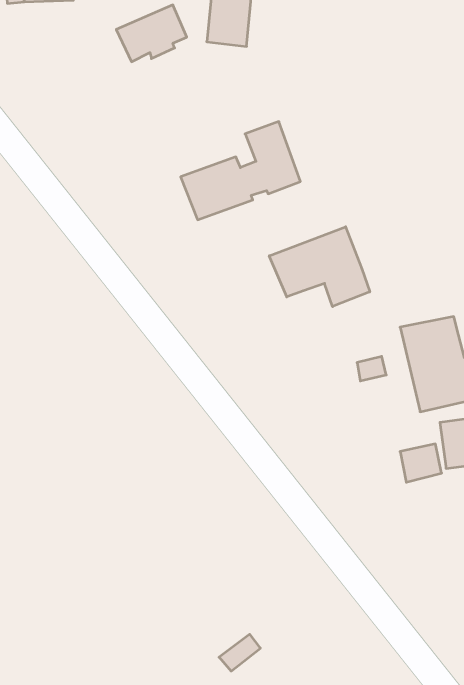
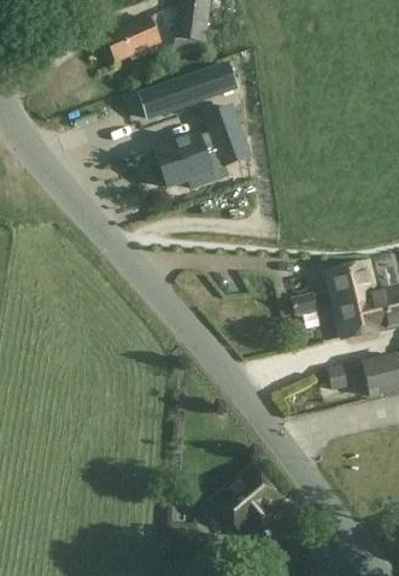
building: none -> [140,64,236,116]
building: [269,227,370,307] -> none
building: none -> [212,469,277,535]

